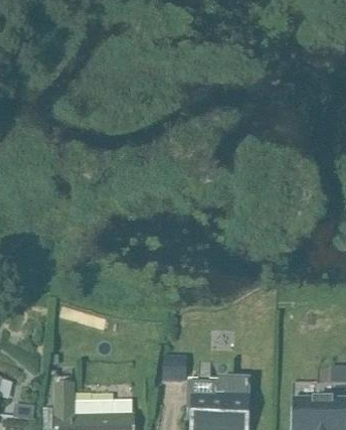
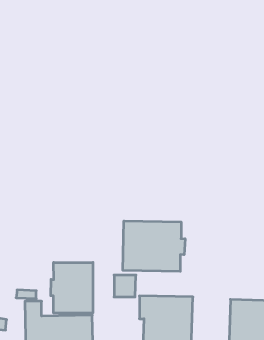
building: none -> [123,221,185,271]
building: none -> [51,262,93,313]

